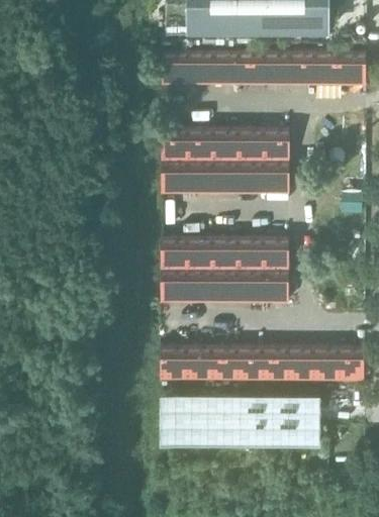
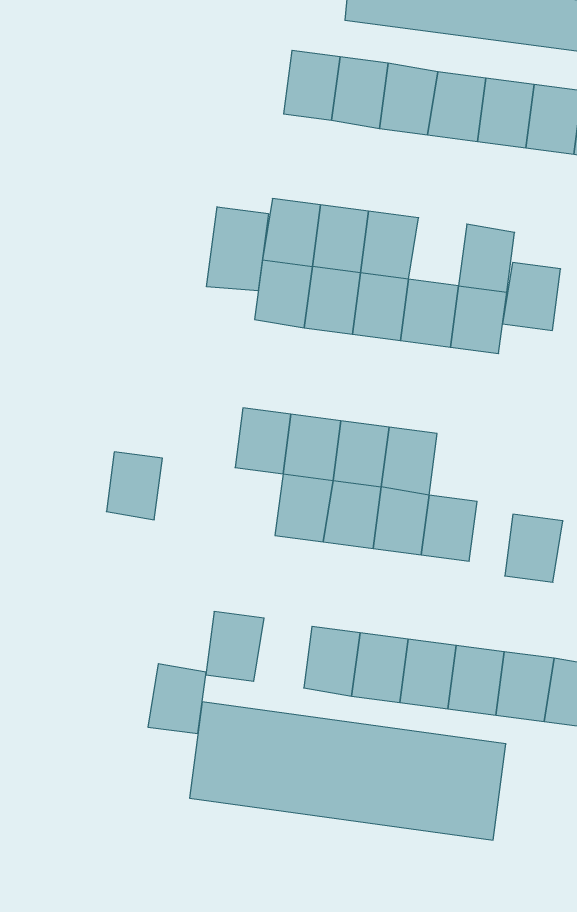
building: [238,129,264,162] -> [502,263,561,330]
building: none -> [207,207,268,291]
building: [263,239,289,272] -> [505,514,563,582]
building: [161,271,186,303] -> [106,452,162,520]
building: [185,346,211,380] -> [148,664,206,734]

